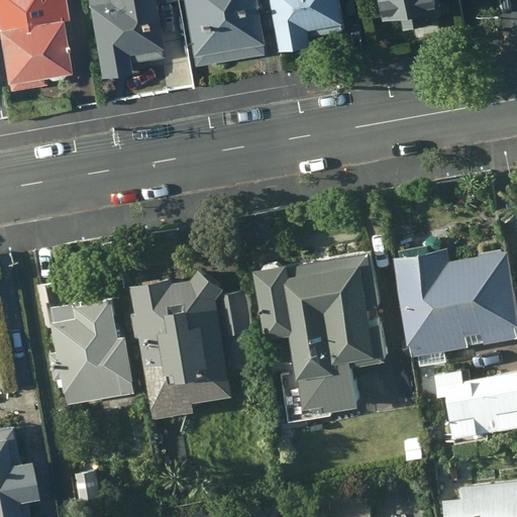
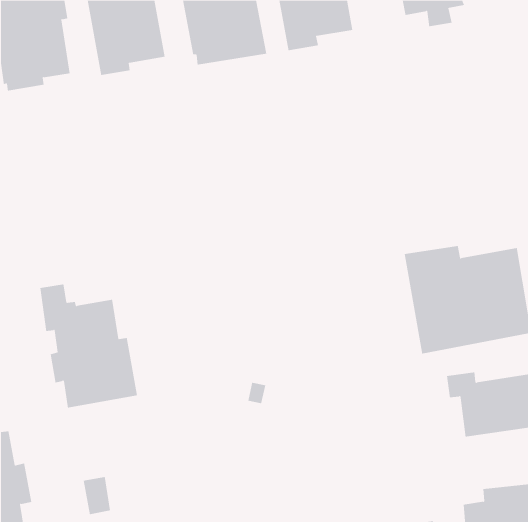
building: [253,249,386,421] -> none
building: [131,268,253,407] -> none

